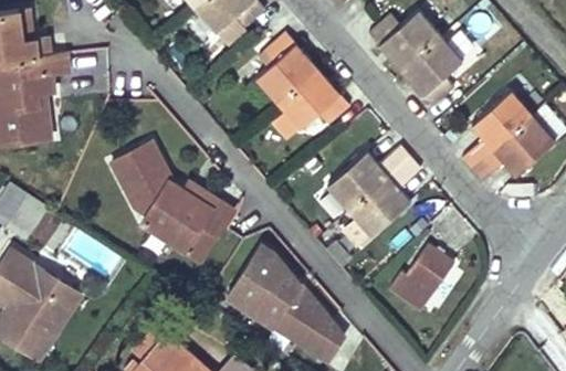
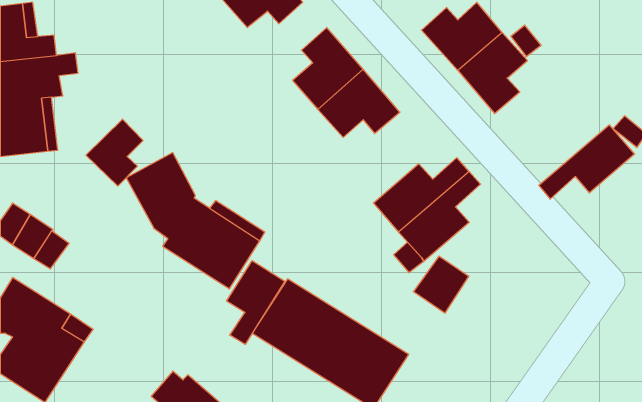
building: [462,91,534,170] -> none
building: none -> [86,119,143,186]
building: none -> [227,261,285,344]
building: [406,244,454,294] -> [413,256,469,313]

